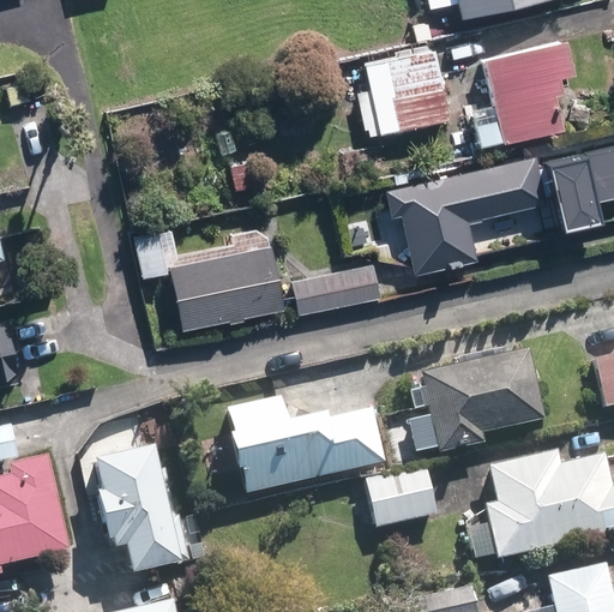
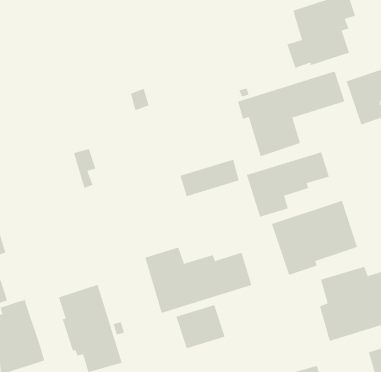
building: [362,47,449,133] -> none
building: [170,242,288,328] -> none
building: none -> [246,151,330,218]
building: [365,468,437,530] -> [175,304,225,349]

